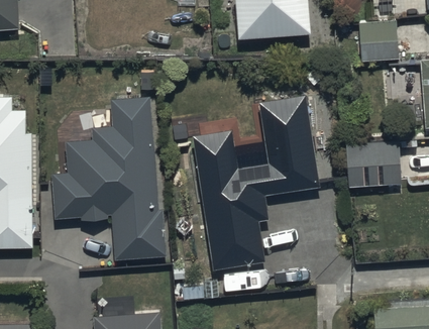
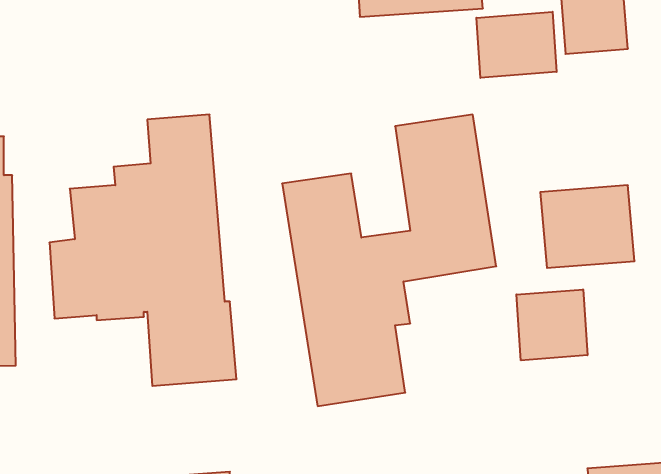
building: none -> [476,12,557,78]
building: none -> [516,289,587,360]

